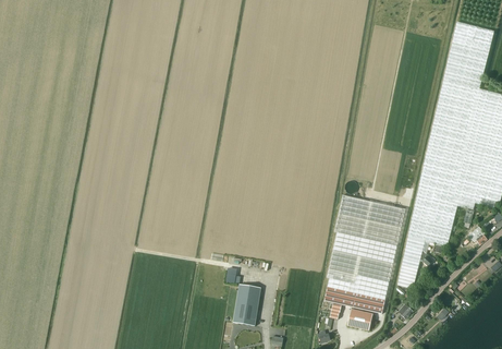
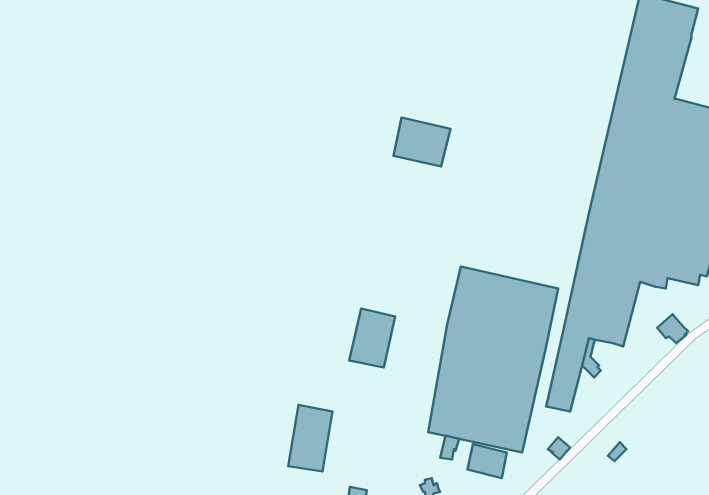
building: none -> [394,117,450,166]
building: none -> [349,308,395,367]

